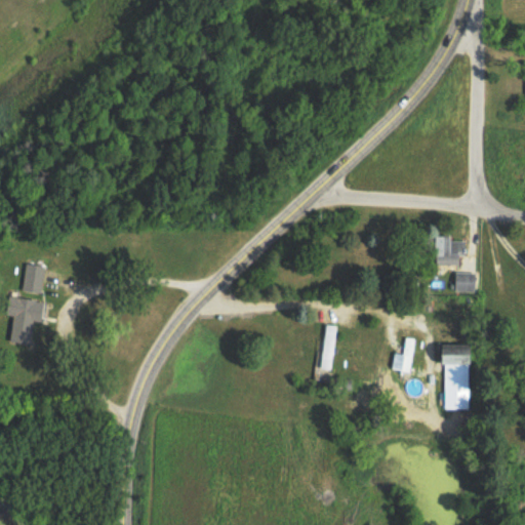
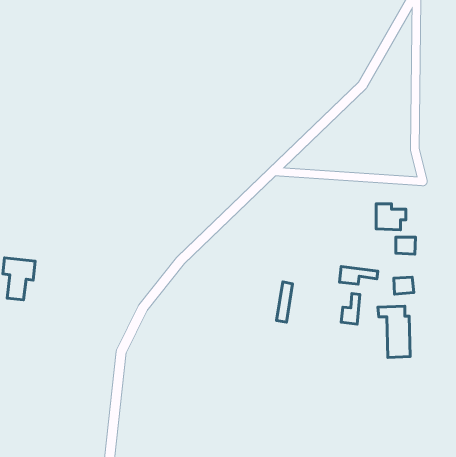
building: [24,264,44,292] -> none
building: none -> [339,266,378,284]
building: none -> [394,277,414,294]

